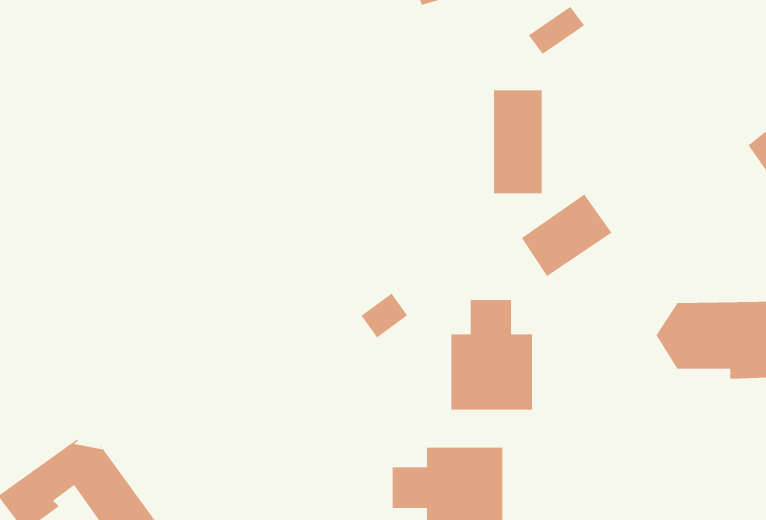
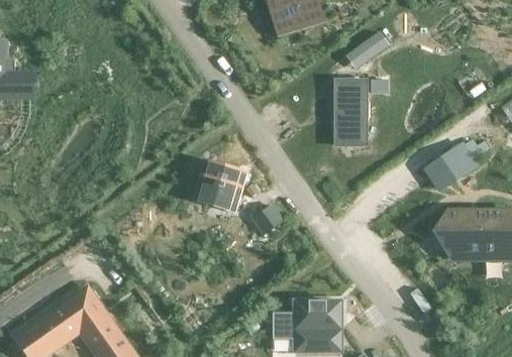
building: [521,194,612,277] -> [422,142,479,194]
building: none -> [195,158,248,210]
building: [450,299,533,410] -> none

